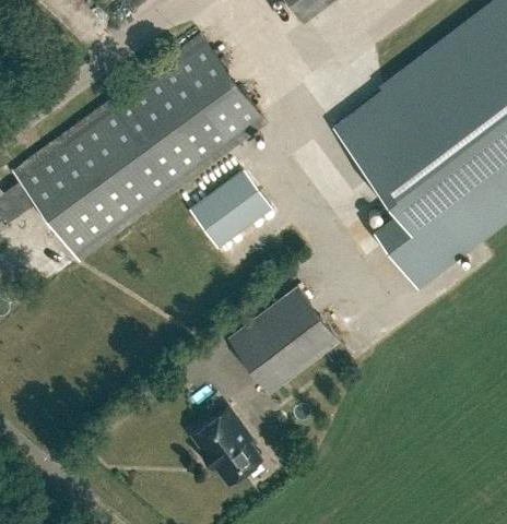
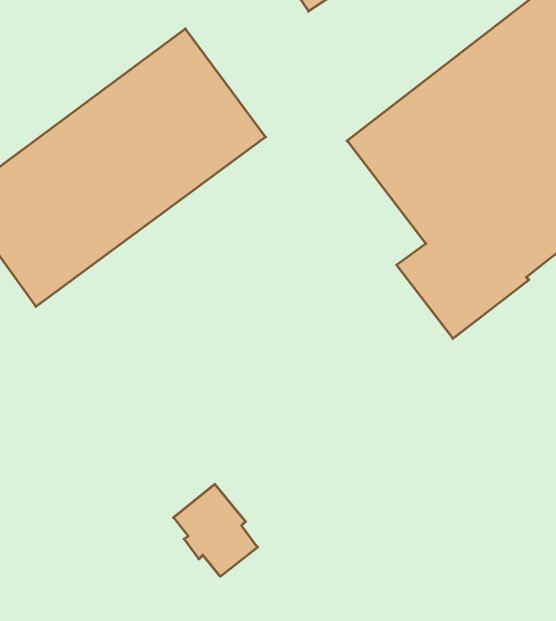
building: [189,168,273,248] -> none
building: [226,285,338,393] -> none

